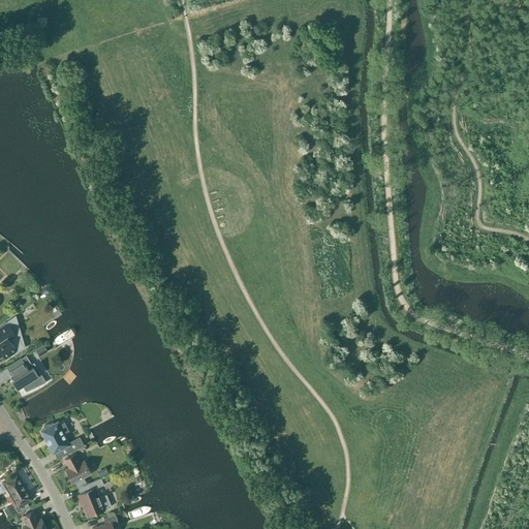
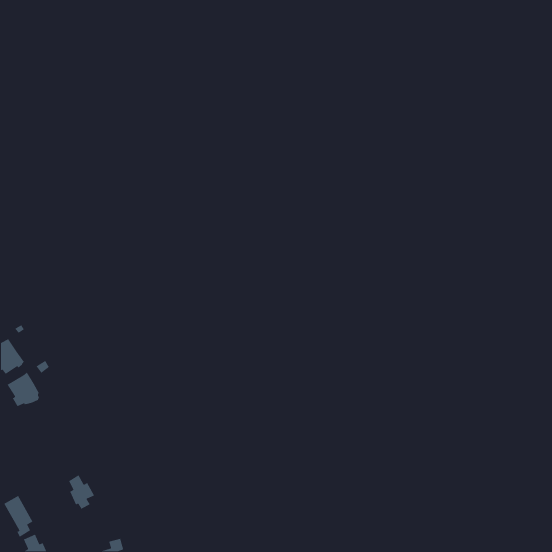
building: [41,422,83,454] -> none
building: [77,478,111,517] -> none

